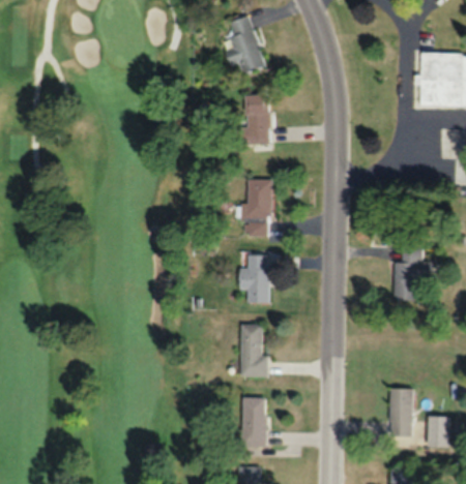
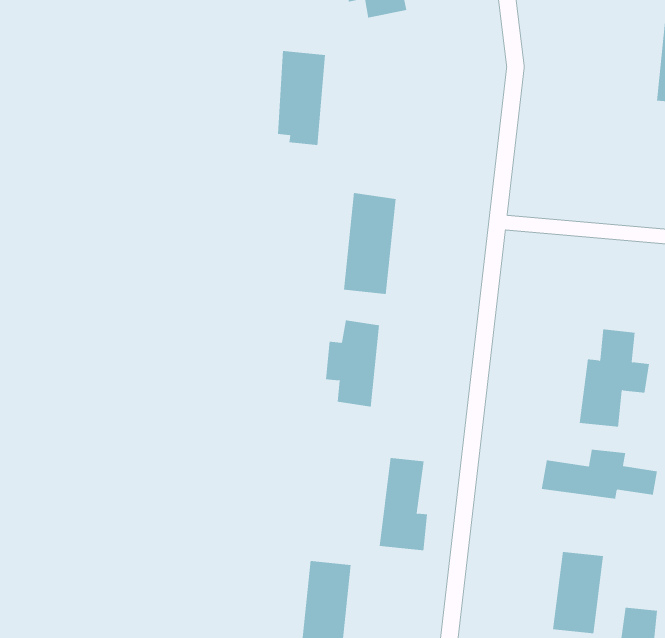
building: [244,95,271,149] -> [277,50,326,146]
building: none -> [541,449,658,499]
building: [241,325,268,377] -> [379,458,428,551]

